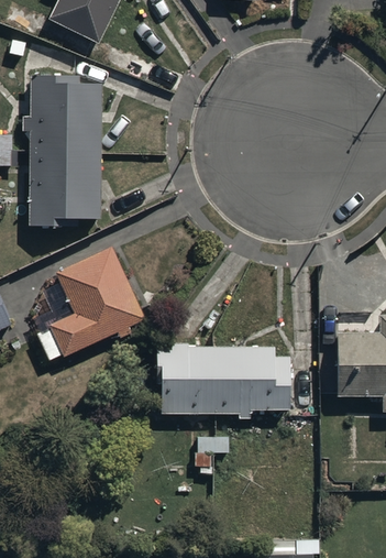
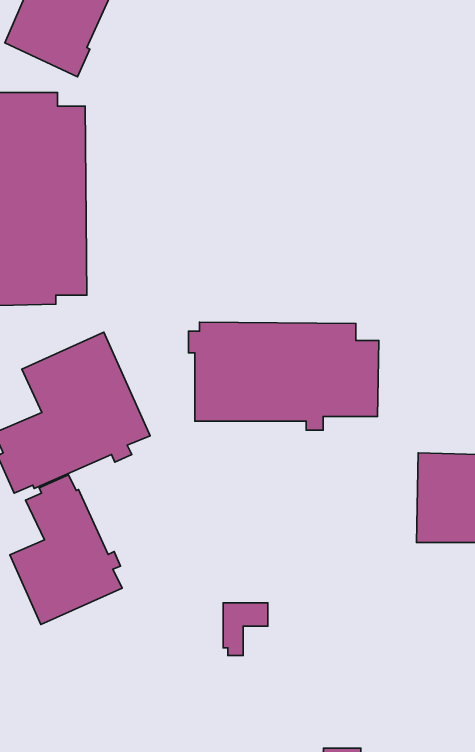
building: [156,343,291,420] -> [189,322,379,430]
building: none -> [10,475,122,625]

